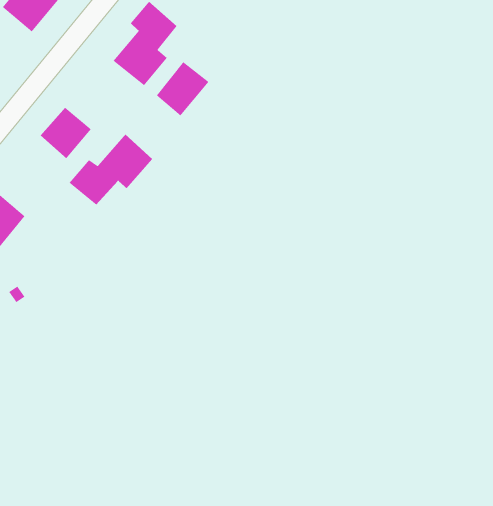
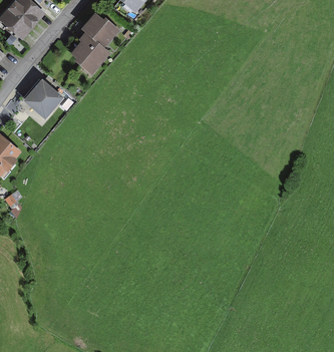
building: [156,61,209,117] -> none
building: [68,133,153,205] -> none

